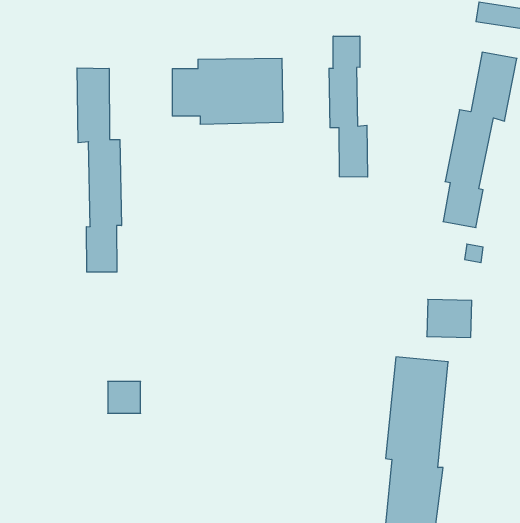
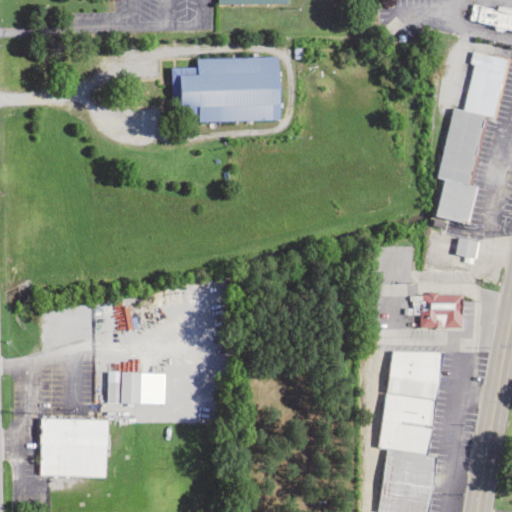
building: [329,36,368,177] -> none
building: [77,68,121,272] -> none
building: none -> [40,419,107,477]

